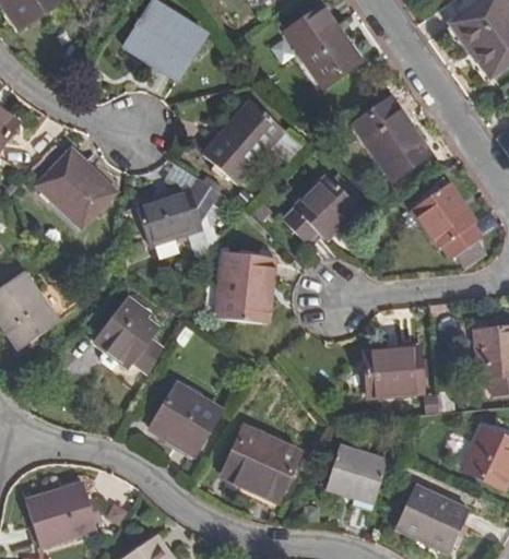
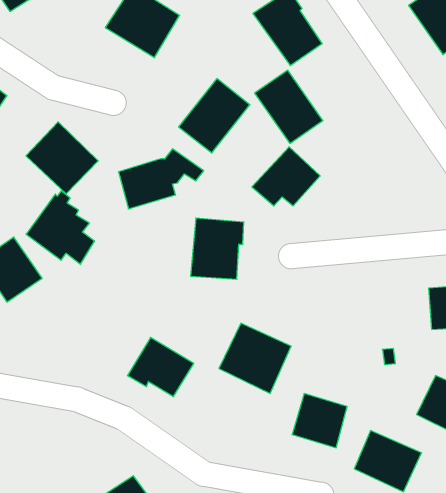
building: [354,99,428,179] -> [255,70,323,143]
building: [412,183,481,259] -> none
building: [90,294,164,373] -> [26,191,94,264]
building: [365,344,422,395] -> none
building: [222,426,300,502] -> [219,323,291,393]
building: [25,484,96,545] -> none

